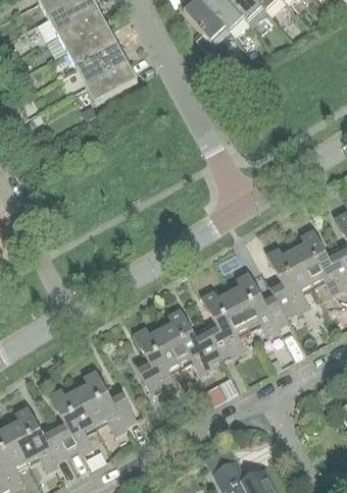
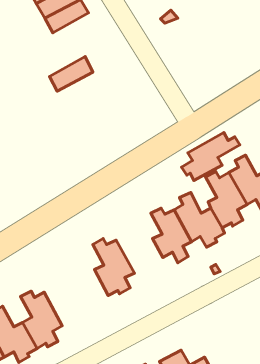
building: [86,61,137,102] -> [49,57,93,91]
building: none -> [182,133,240,181]
building: [160,308,215,373] -> none
building: [76,369,136,435] -> none

